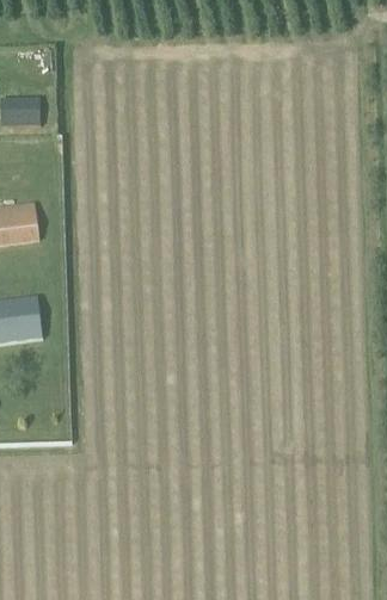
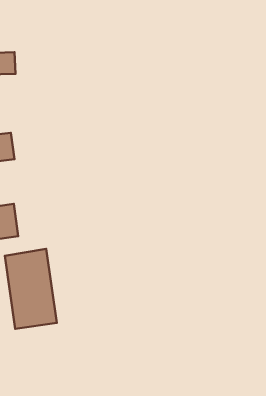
building: none -> [5,249,57,329]

